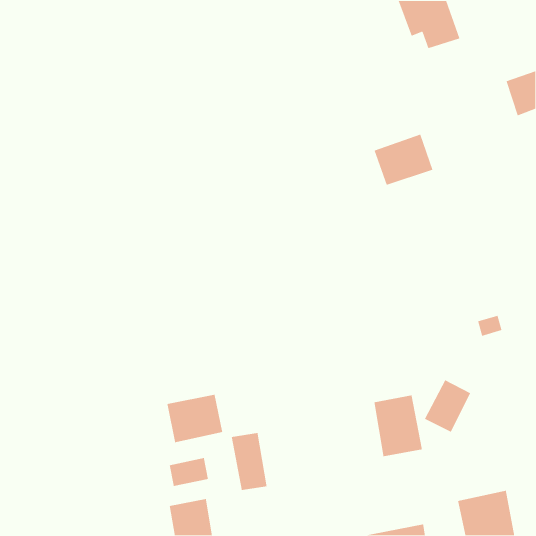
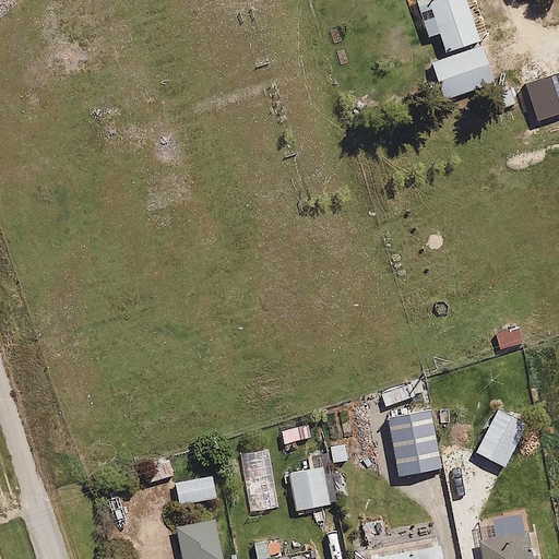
building: [374,133,433,186] -> [432,46,495,100]
building: [424,379,471,433] -> [477,411,526,466]
building: [166,394,223,443] -> none
building: none -> [290,466,330,510]

